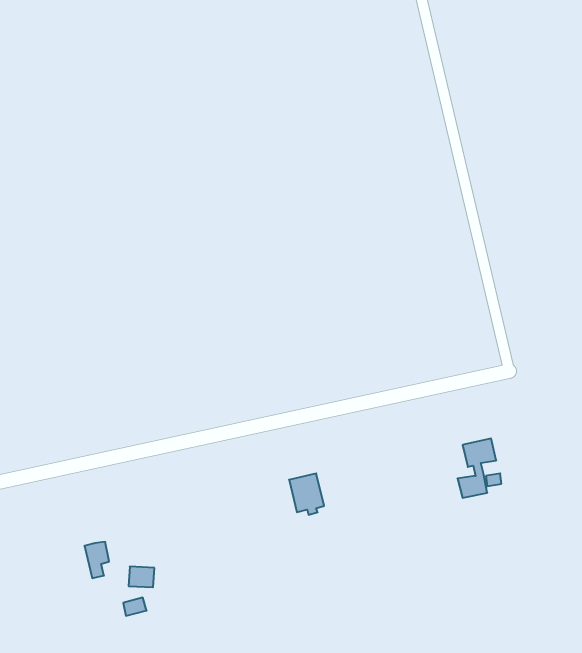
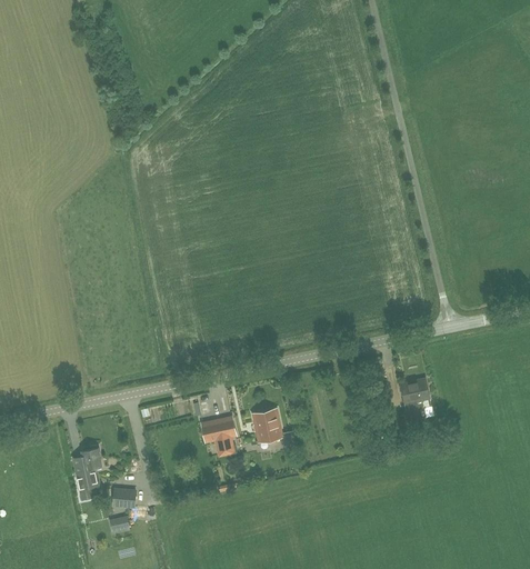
building: none -> [201,417,234,456]
building: none -> [71,445,101,470]

